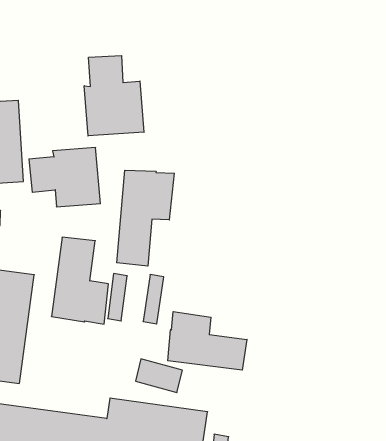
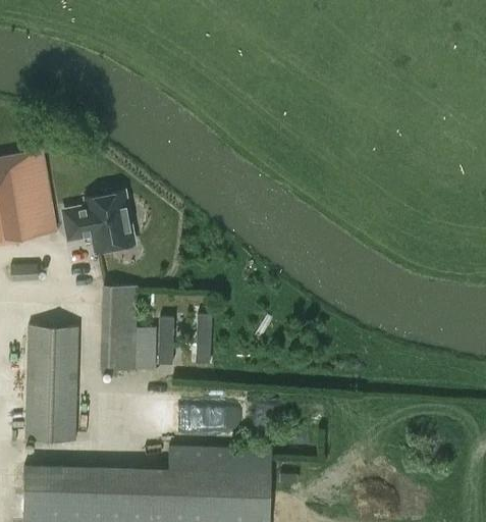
building: [84,56,144,136] -> none
building: [117,170,174,266] -> none
building: [168,312,247,370] -> none

